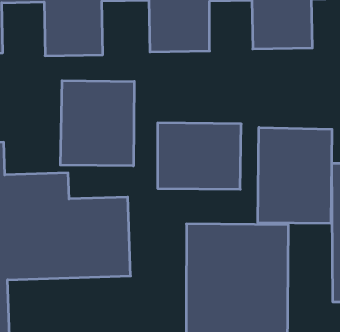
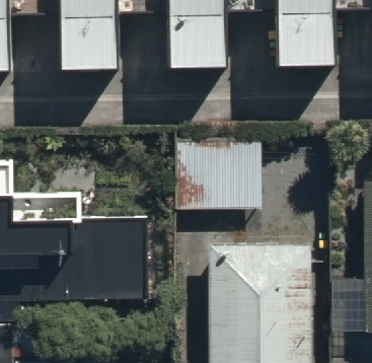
building: [60,81,134,166] -> none
building: [258,127,332,223] -> none

